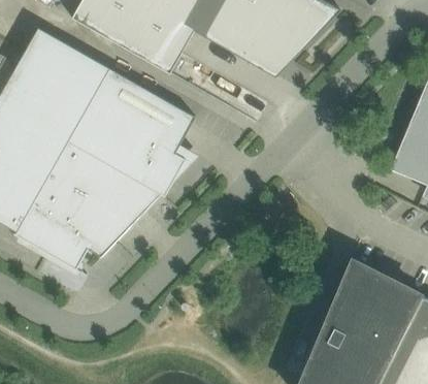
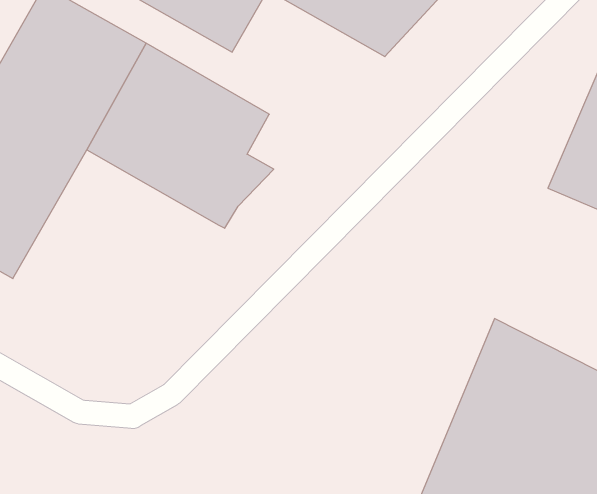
building: [14,141,160,276] -> none

